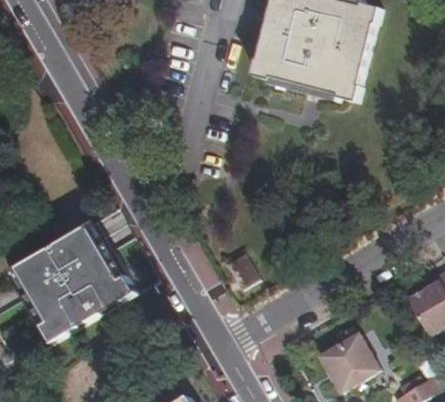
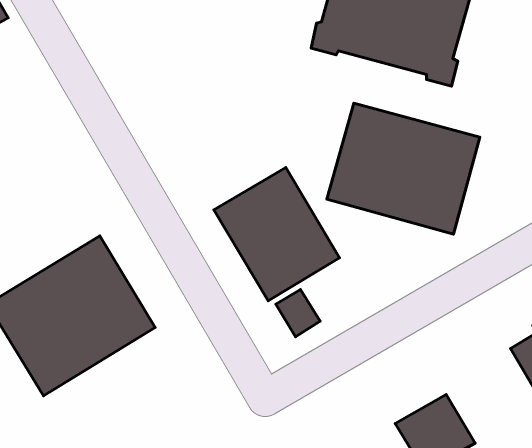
building: none -> [327,103,480,234]
building: none -> [214,167,339,301]

